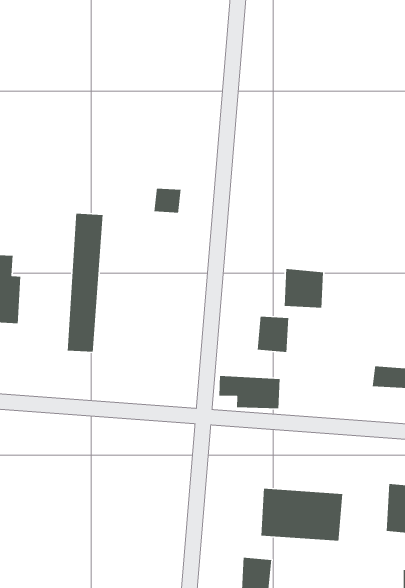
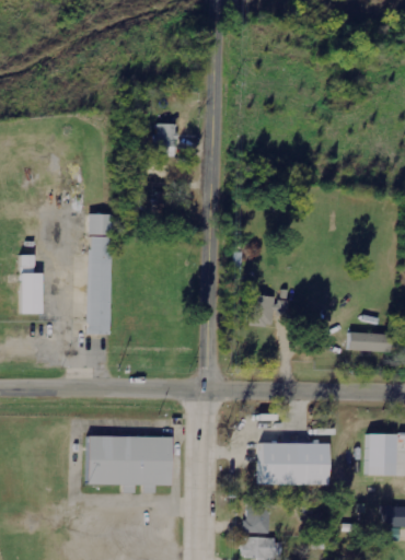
building: none -> [158,124,177,156]
building: [284,268,324,309] -> none
building: [218,375,280,409] -> none
building: none -> [86,434,169,490]

